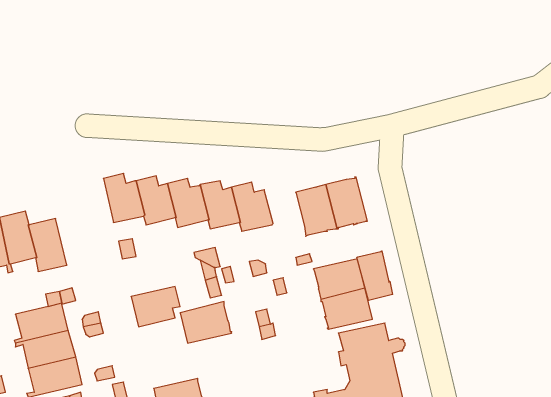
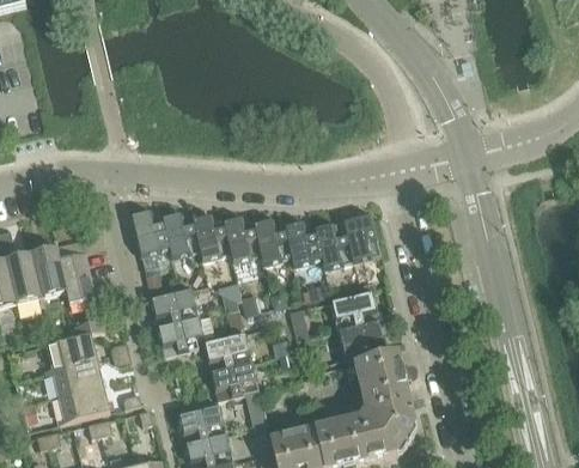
building: none -> [282,220,321,267]
building: [357,251,393,300] -> none
building: none -> [150,287,197,327]
building: none -> [209,361,257,400]

